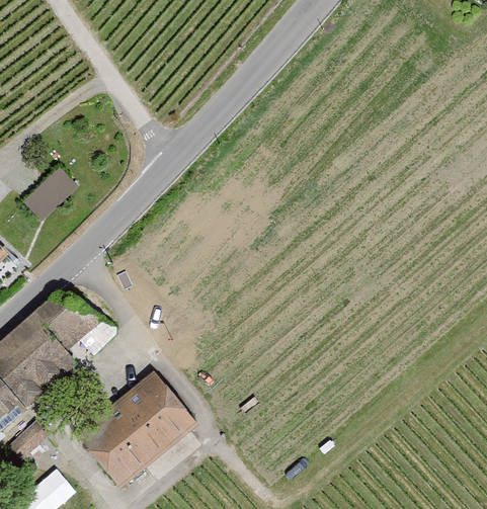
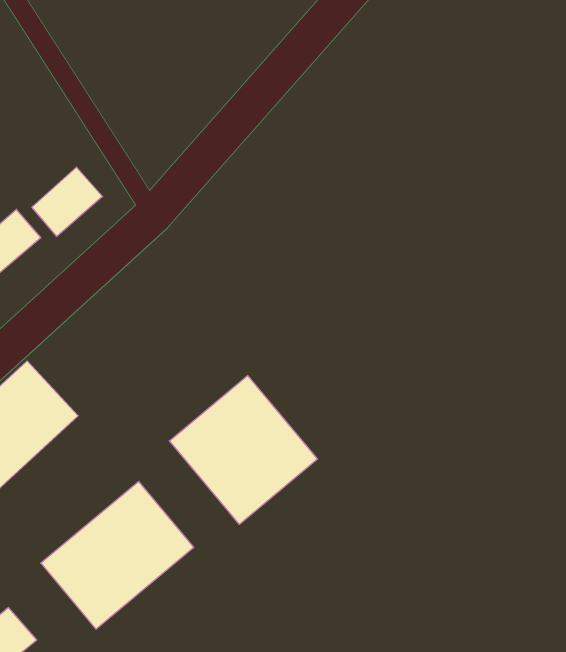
building: none -> [32,167,103,236]
building: none -> [169,375,318,524]

